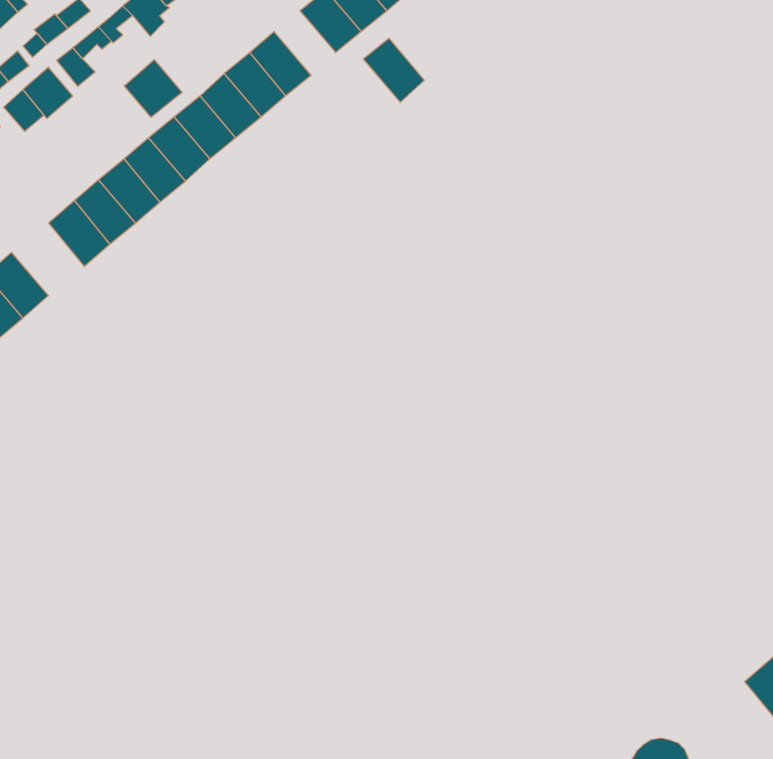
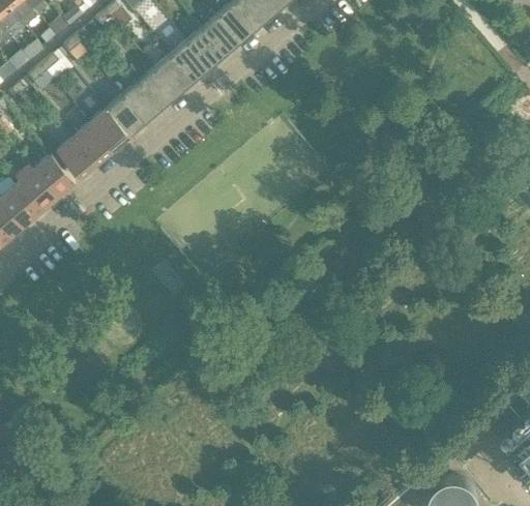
building: [363,38,424,103] -> [202,12,241,54]
building: [124,60,182,117] -> none
building: none -> [33,153,75,196]

